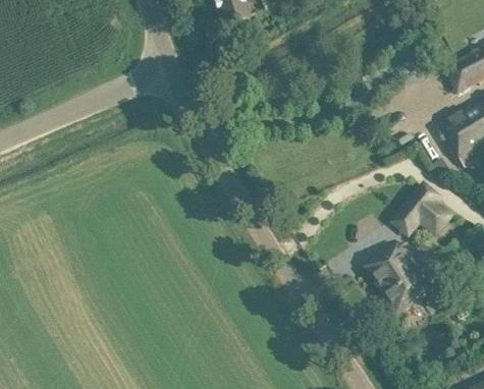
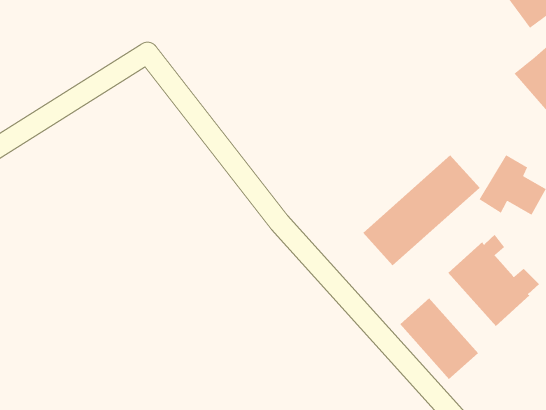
building: none -> [362,155,480,266]
building: none -> [400,298,479,380]

